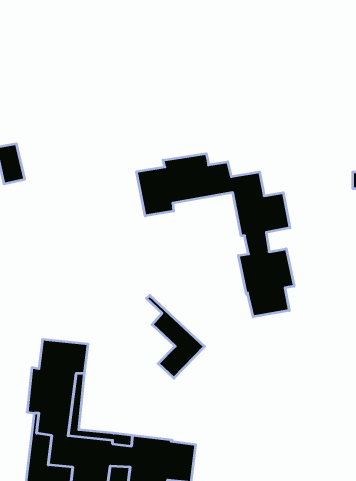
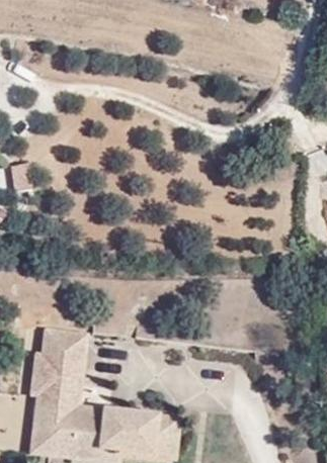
building: [137,154,294,317] -> none
building: [146,295,205,378] -> none

